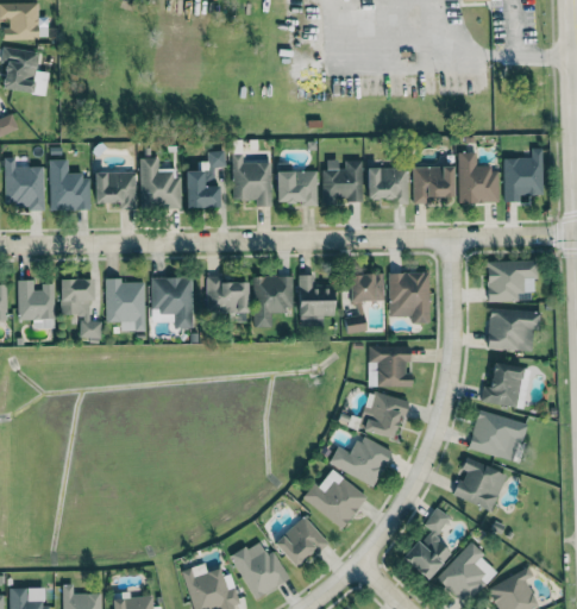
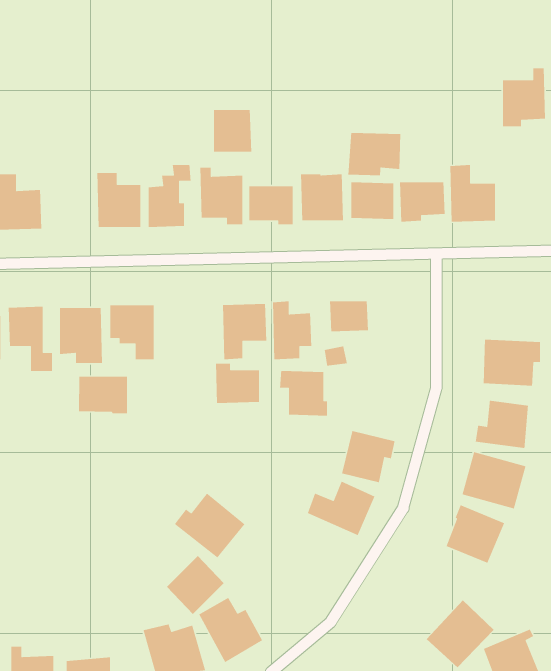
building: none -> [213,109,252,153]
building: none -> [347,132,401,176]
building: [504,147,544,201] -> [502,68,546,127]
building: [95,171,137,209] -> none
building: [487,259,535,301] -> none
building: [389,272,431,322] -> none
building: [207,276,247,313] -> [215,363,260,404]
building: none -> [78,376,128,414]
building: [369,345,413,387] -> [279,370,328,416]
building: [303,469,368,528] -> [174,493,245,559]
building: [404,508,452,579] -> none
building: [275,515,327,569] -> [166,555,224,615]

